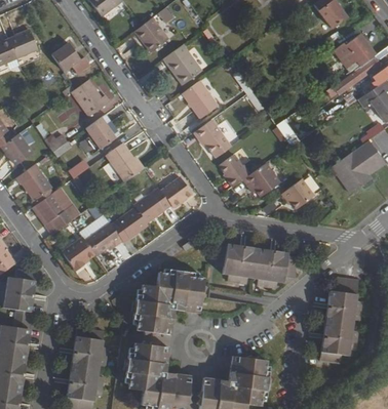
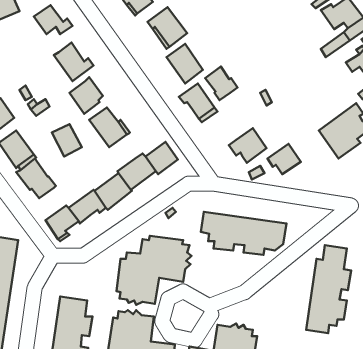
building: [219,154,250,187] -> [205,67,237,100]

